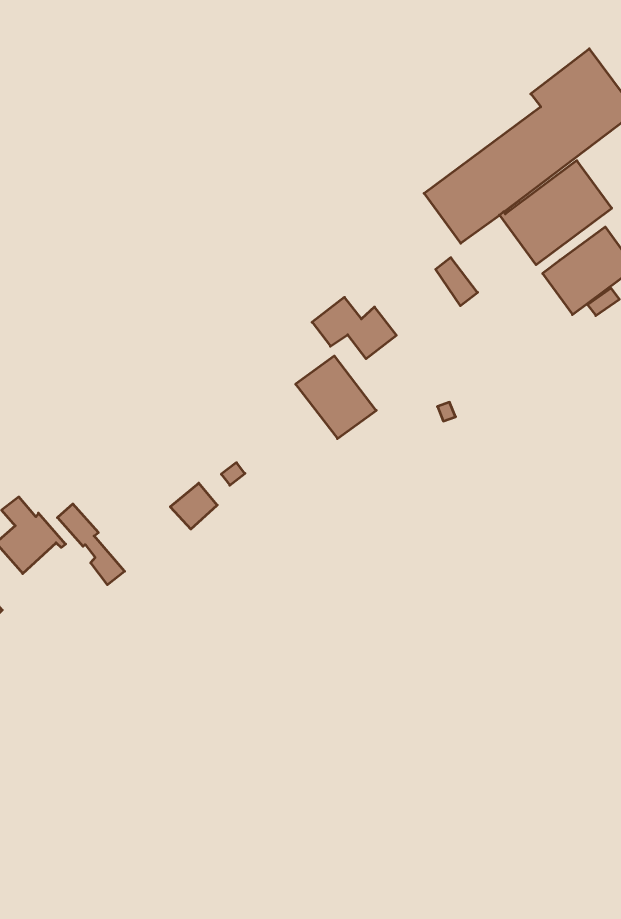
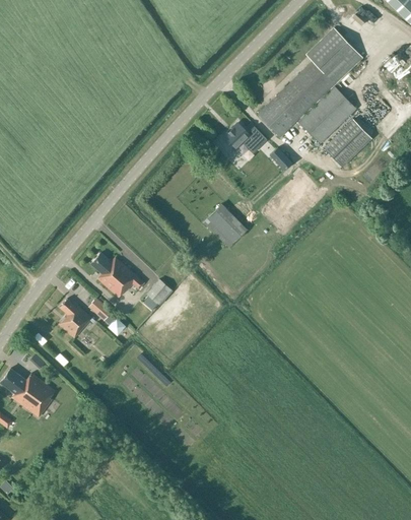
building: [312,297,396,359] -> [222,123,267,153]
building: none -> [90,253,144,297]

